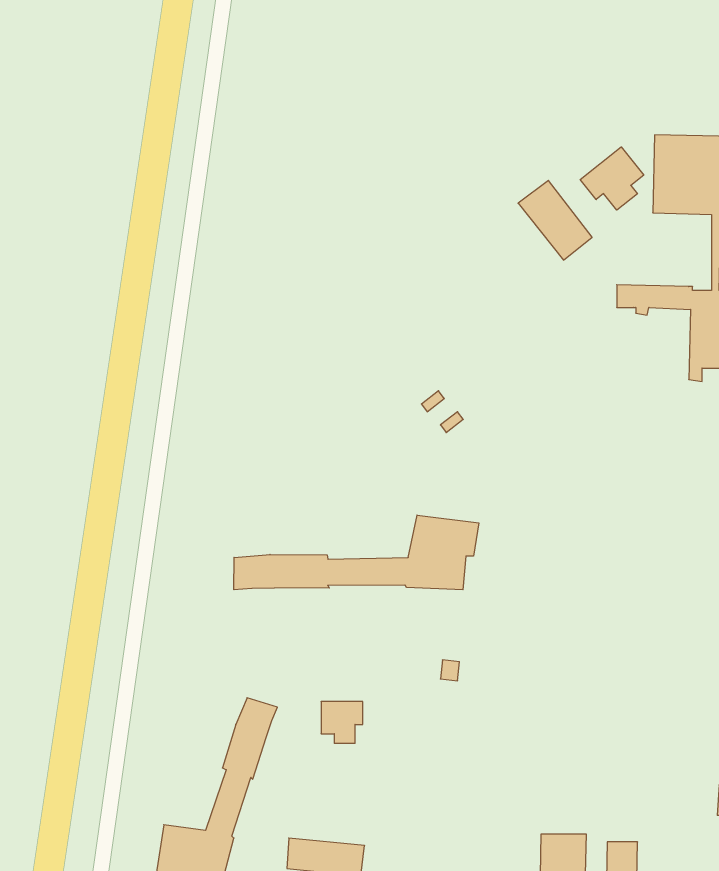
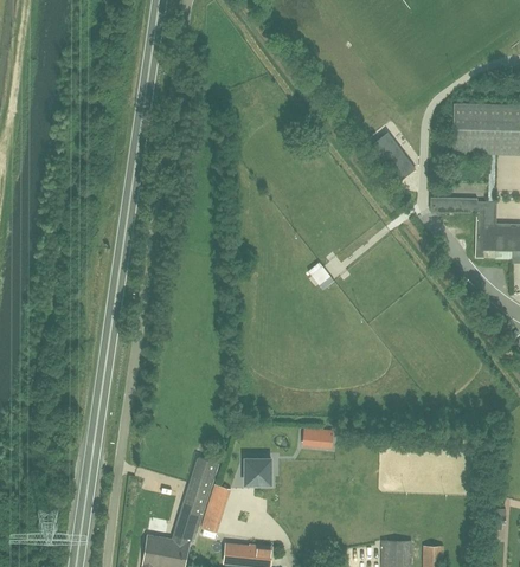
building: [580,147,644,210] -> none
building: [234,515,479,590] -> none
building: none -> [200,481,231,533]

